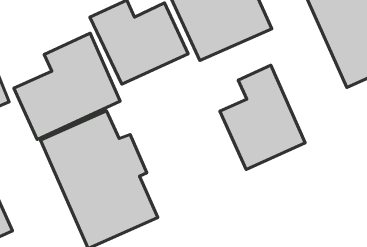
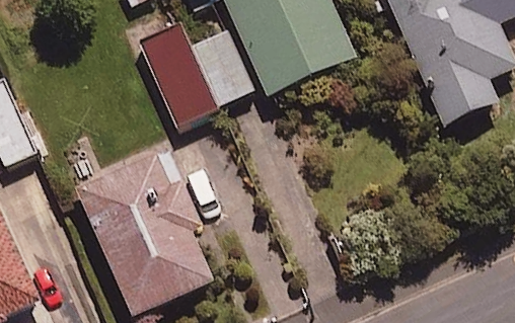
building: [14,33,120,140] -> none
building: [220,65,305,170] -> none

